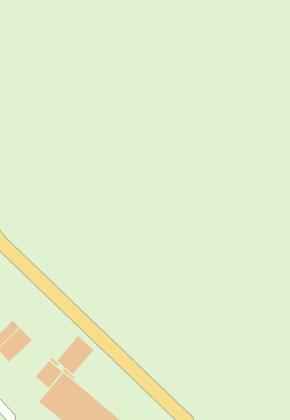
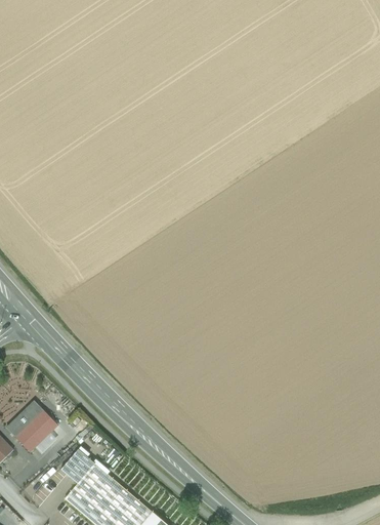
building: [56,335,94,375] -> none

